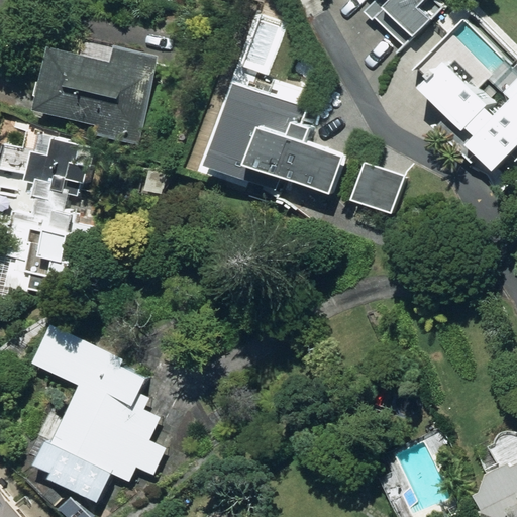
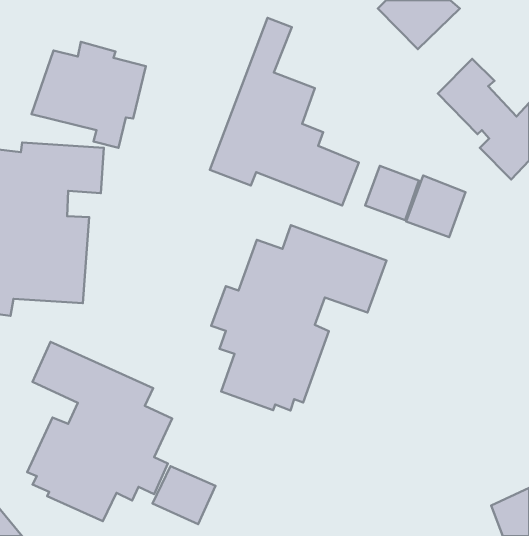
building: none -> [406,175,465,237]
building: none -> [211,225,387,411]
building: none -> [152,466,215,524]

